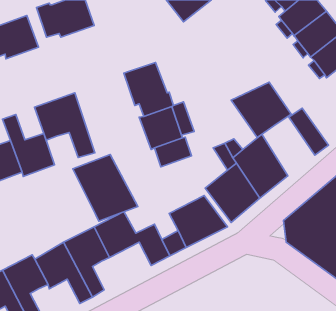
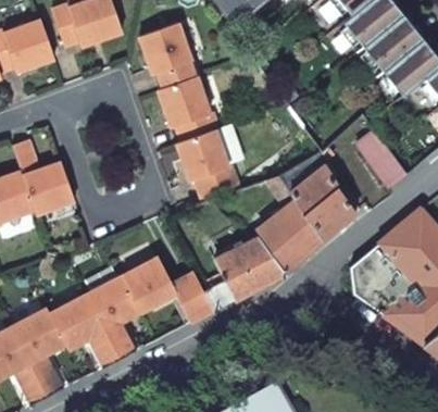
building: none -> [139,23,199,87]
building: [231,82,291,138] -> none
building: [34,93,95,157] -> none
building: [73,155,138,221] -> none

